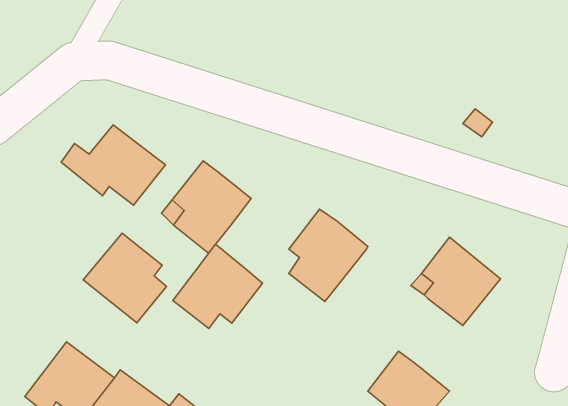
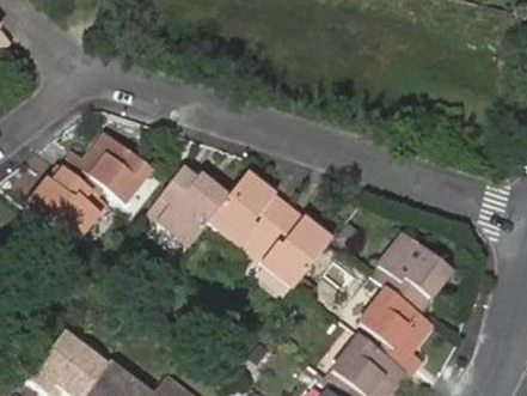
building: [83,233,166,323] -> [26,166,100,246]
building: [173,244,263,329] -> [212,173,292,249]
building: none -> [361,288,434,376]

